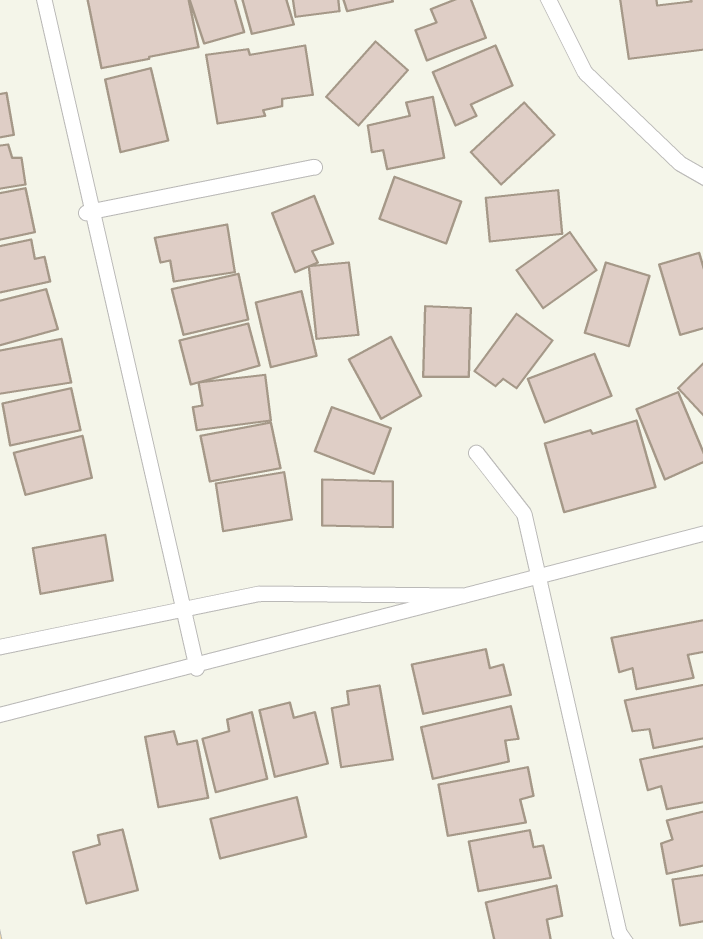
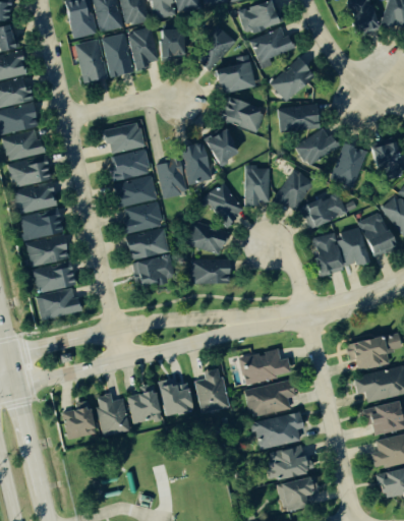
building: none -> [102,33,135,77]
building: [272,196,333,272] -> [207,127,239,168]
building: none -> [34,263,75,292]
building: [211,797,306,858] -> none
building: [73,829,138,904] -> [62,400,97,440]

